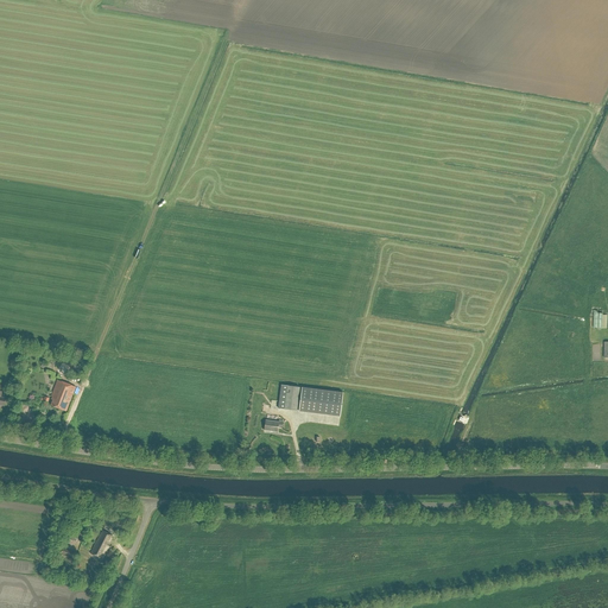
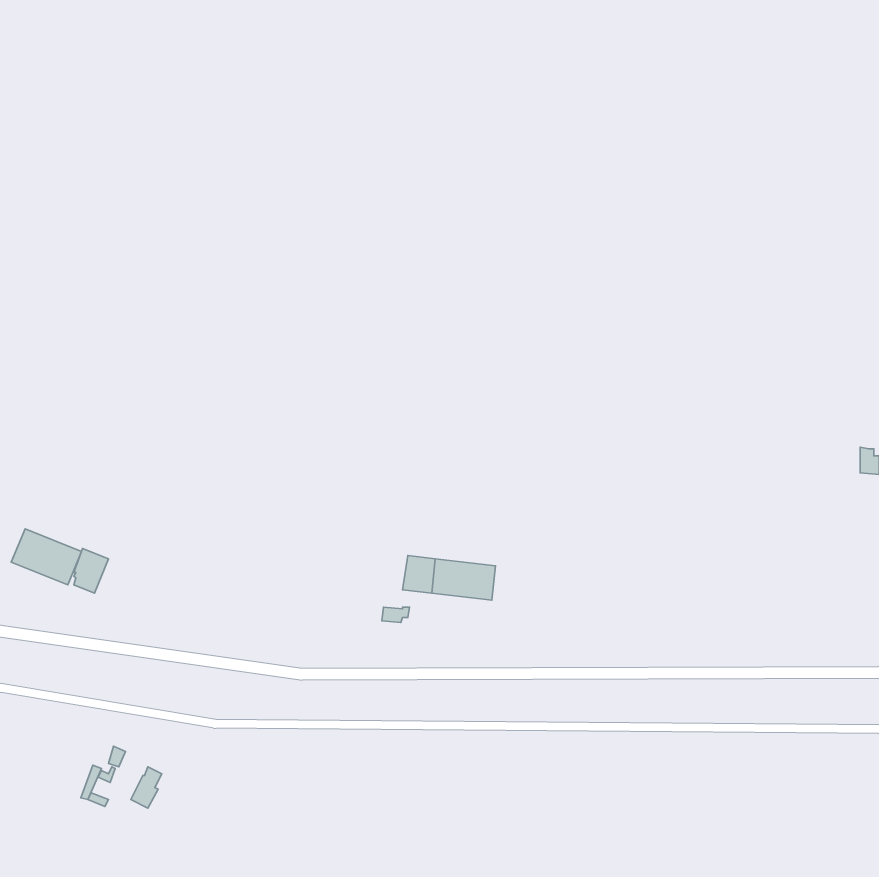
building: none -> [11,529,82,585]

